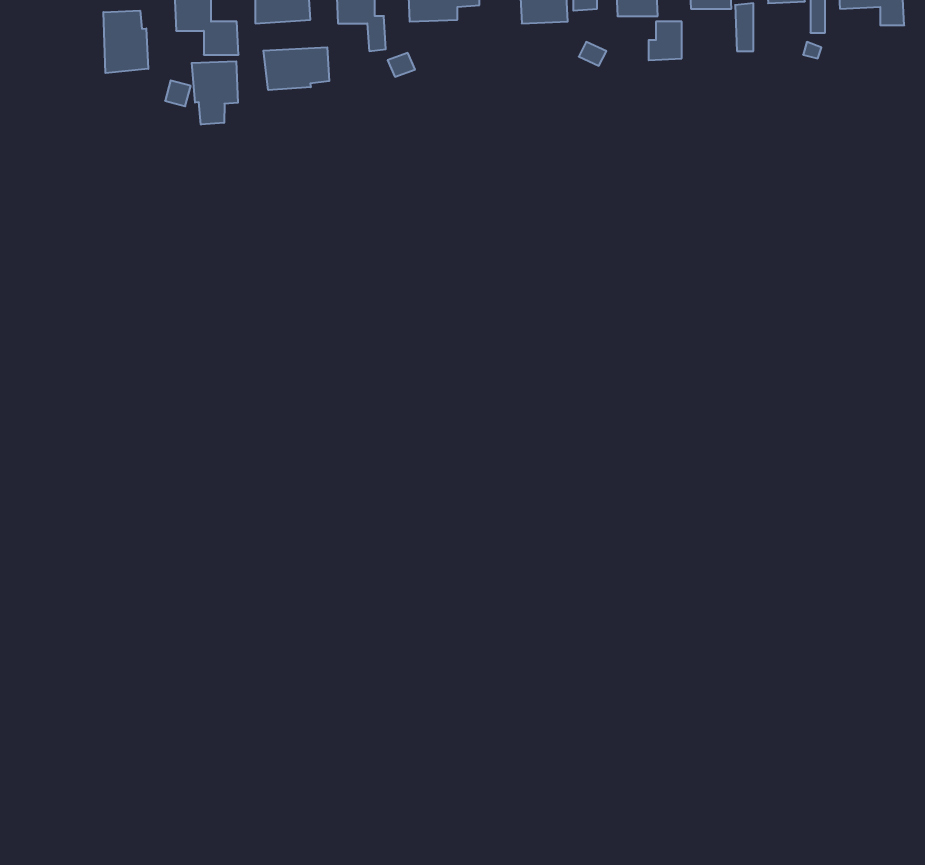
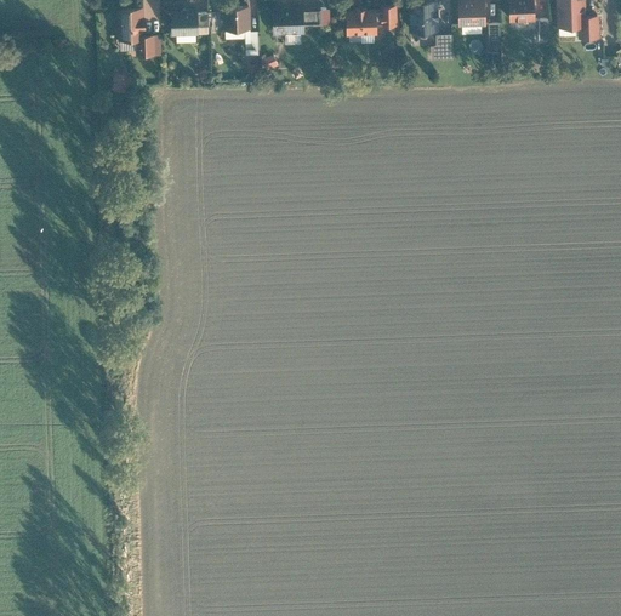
building: [103,11,148,73] -> none
building: [263,47,329,90] -> none
building: [192,61,238,125] -> none

